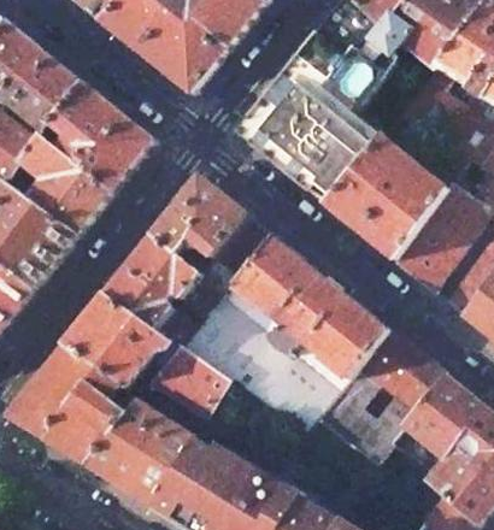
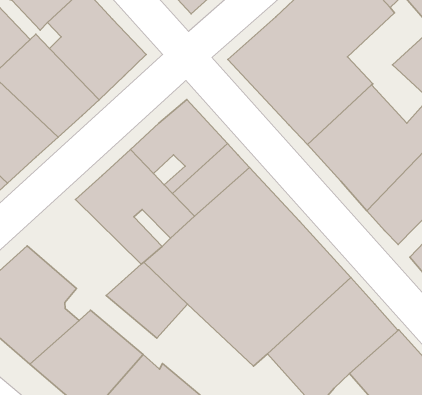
building: [64,294,180,387] -> none

